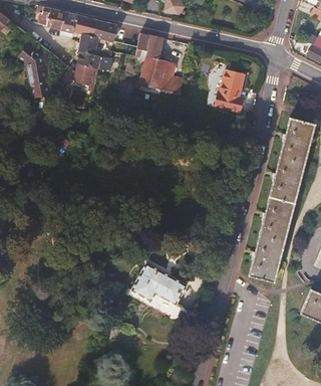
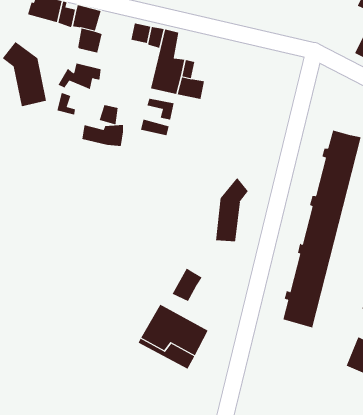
building: [94,19,119,41] -> none
building: [78,50,113,68] -> [81,125,124,146]
building: [216,69,246,114] -> none
building: none -> [215,177,248,242]
building: none -> [172,268,202,302]

